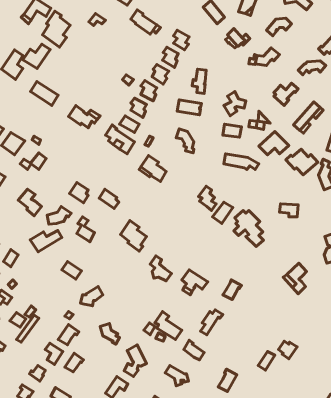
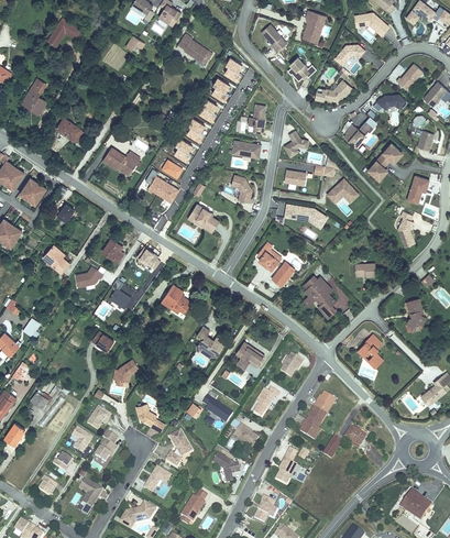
building: [42,11,70,47] -> none
building: [23,44,50,69] -> none
building: [286,149,318,175] -> none
building: [30,230,62,252] -> none
building: none -> [303,393,336,441]

